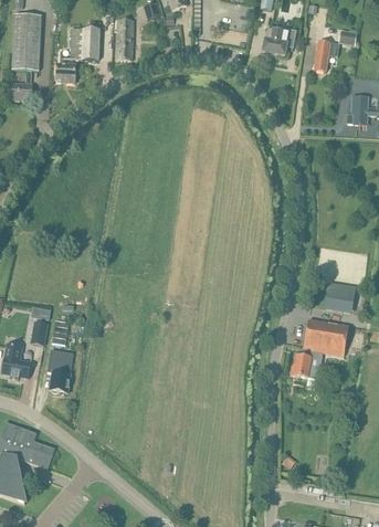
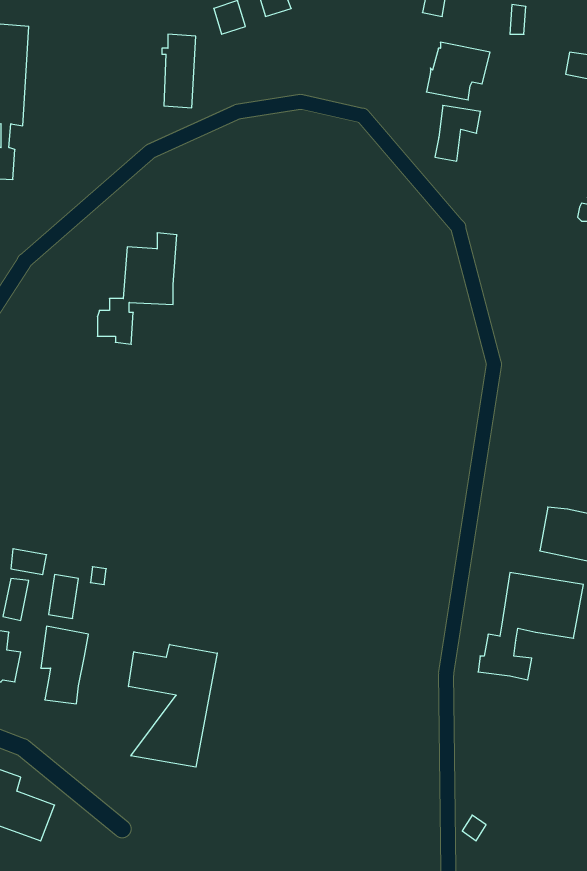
building: [56,21,101,83] -> [97,233,177,344]
building: [314,41,339,72] -> [435,105,481,161]
building: none -> [129,644,217,767]

